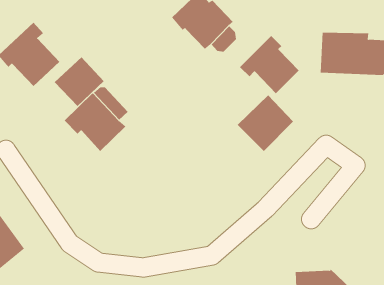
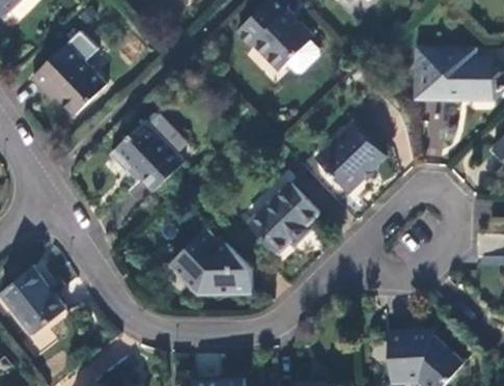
building: [239,35,299,94] -> none
building: [54,56,105,107] -> none
building: none -> [249,185,317,253]
building: none -> [167,236,249,294]

